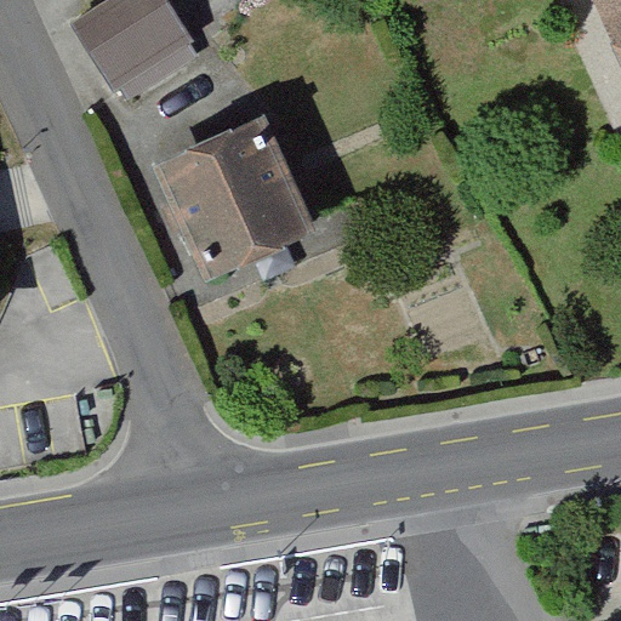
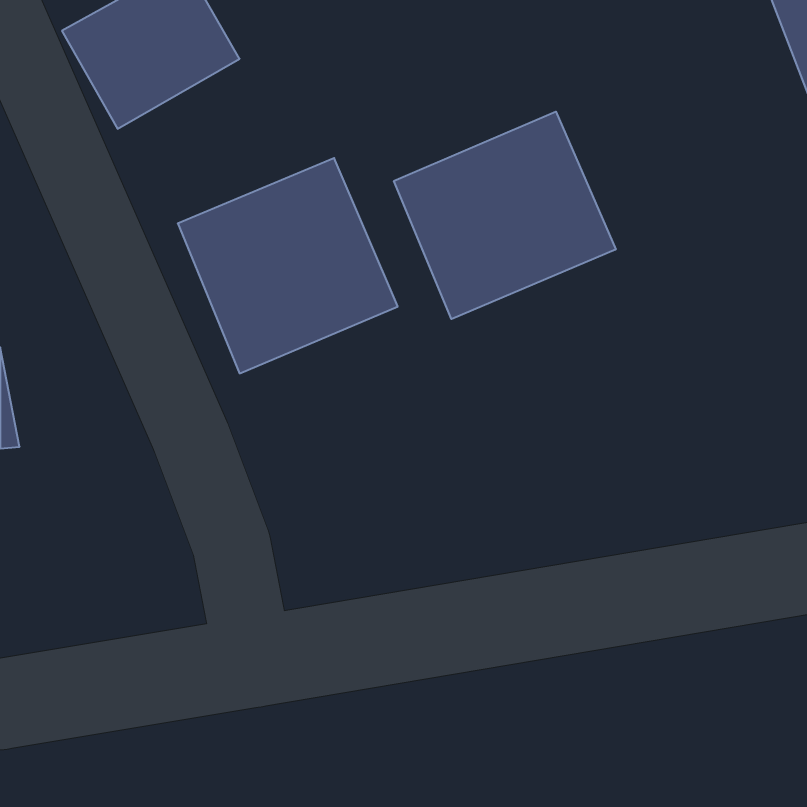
building: none -> [394,112,616,319]

